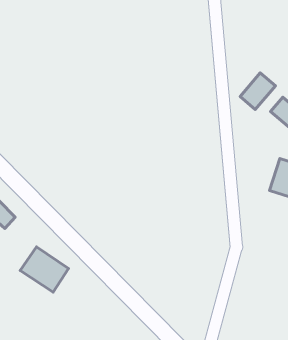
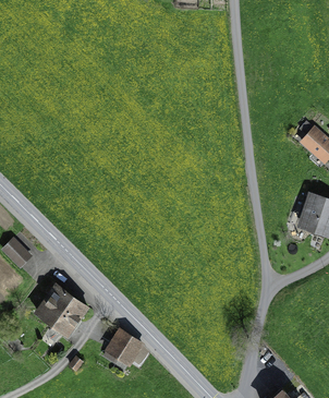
building: [240,73,275,109] -> none
building: none -> [105,329,142,367]

